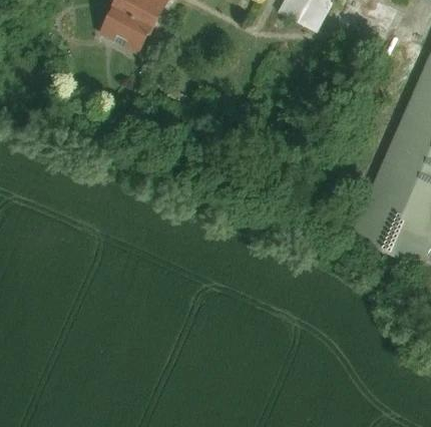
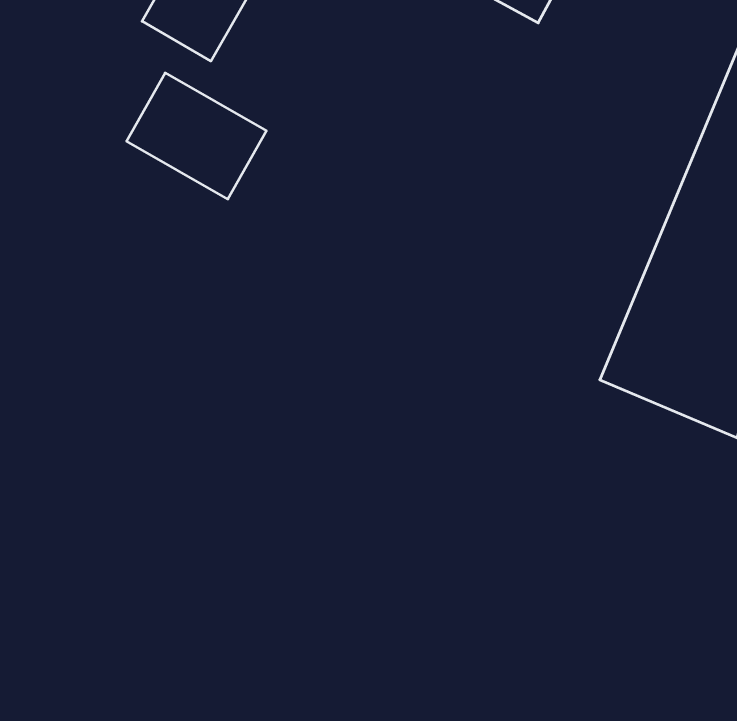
building: none -> [127,73,266,199]

